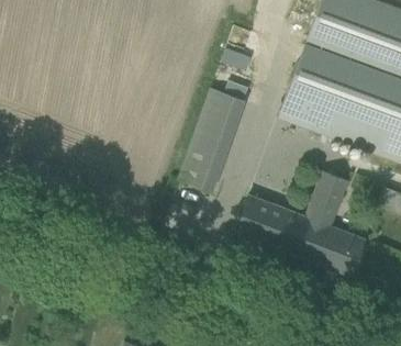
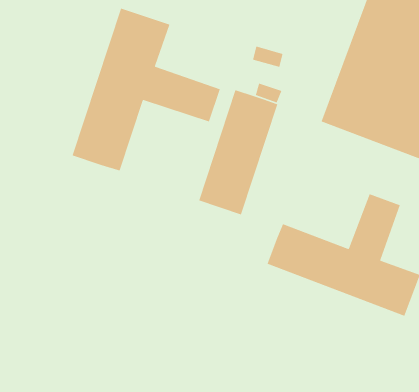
building: none -> [71,7,221,172]

